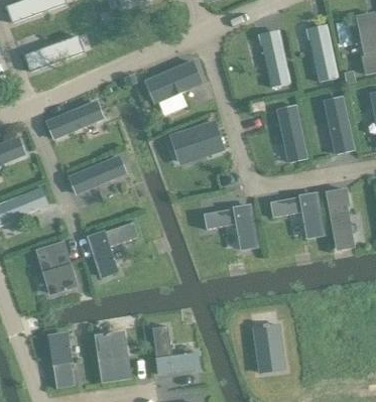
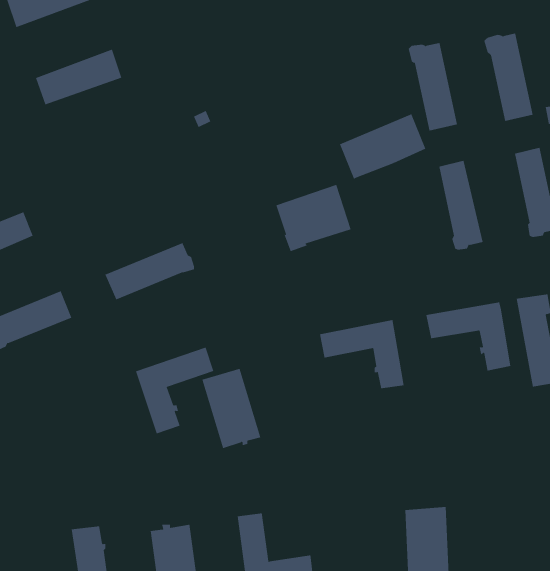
building: [146,60,201,102] -> [339,113,426,180]
building: [46,101,103,137] -> none
building: [37,242,75,292] -> [201,368,261,449]

